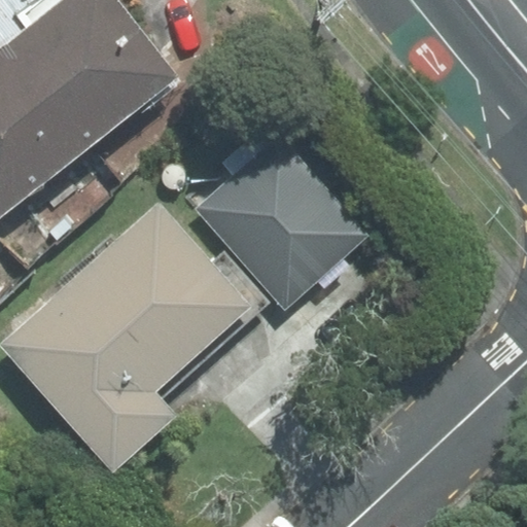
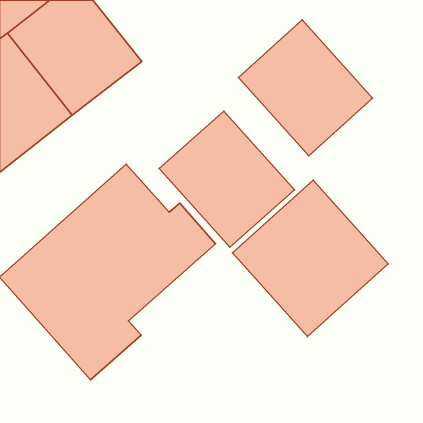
building: none -> [239,20,372,156]
building: none -> [233,180,388,337]

